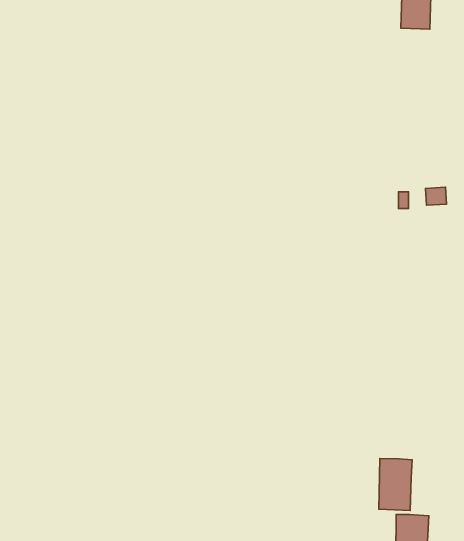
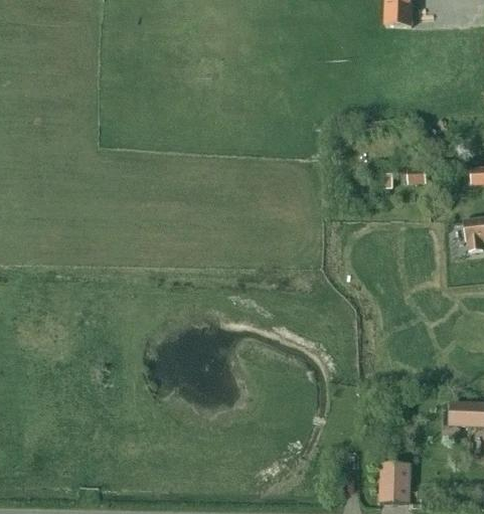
building: [379,459,412,510] -> none

